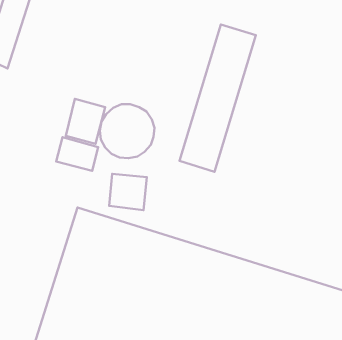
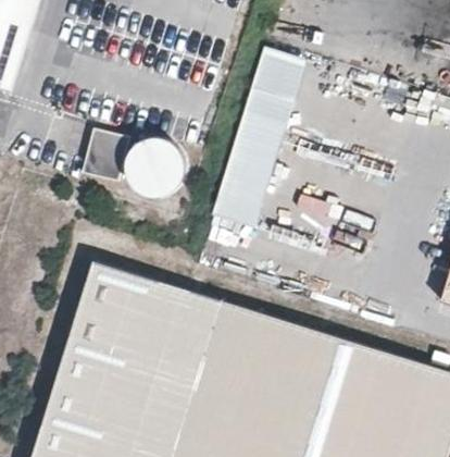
building: [56,137,98,171] -> none
building: [109,174,147,210] -> none

